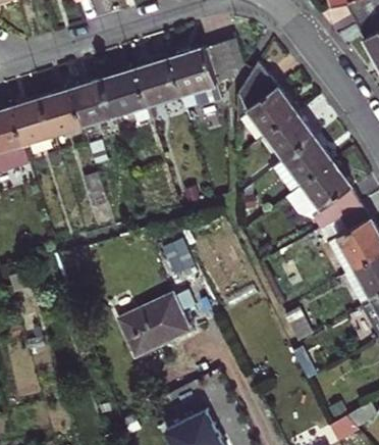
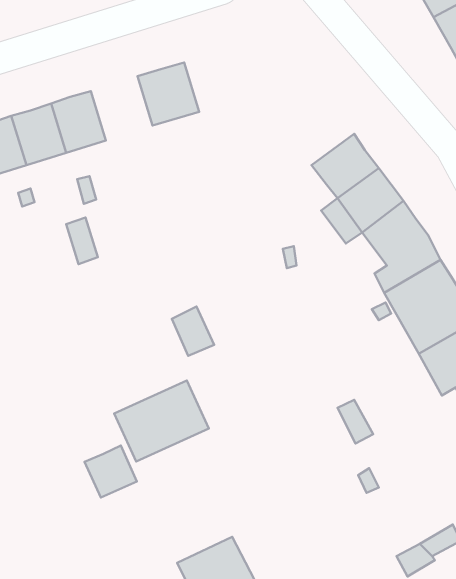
building: [170,39,243,107] -> none
building: [236,61,296,141] -> none
building: [101,68,151,123] -> none
building: none -> [85,446,137,498]

